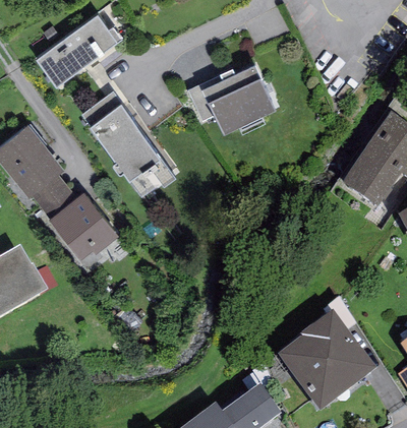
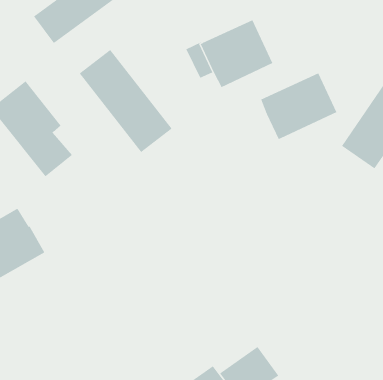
building: none -> [261,72,337,140]
building: [36,186,118,266] -> none
building: [275,312,374,411] -> none

